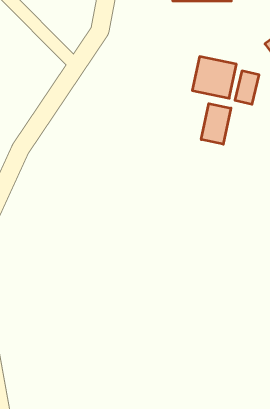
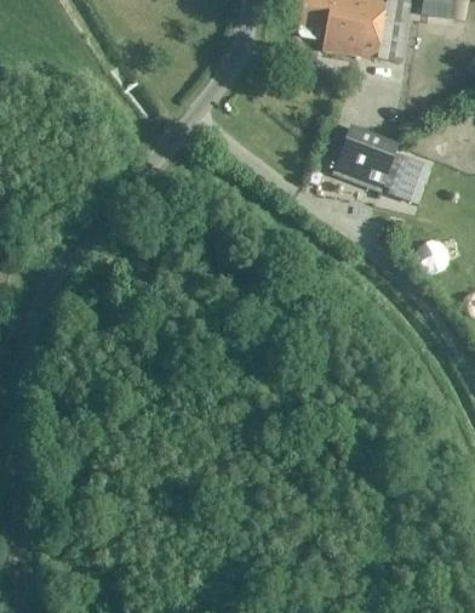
building: [201,104,231,144] -> none

